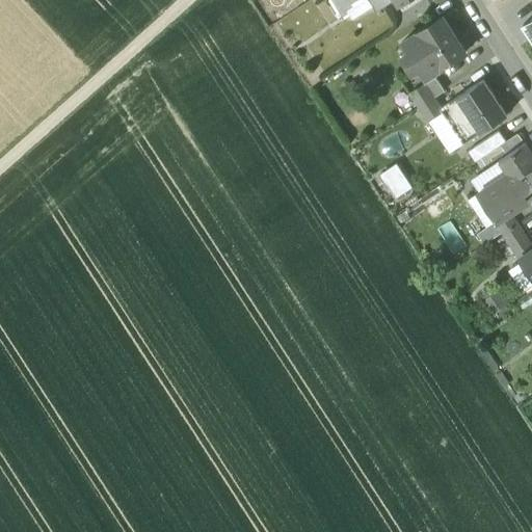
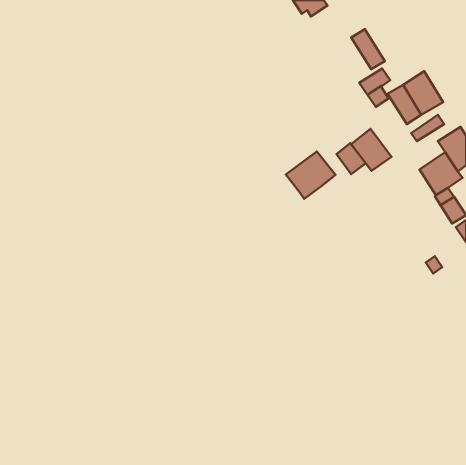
building: [416,18,466,71] -> none
building: none -> [351,129,392,171]
building: none -> [286,152,335,199]

